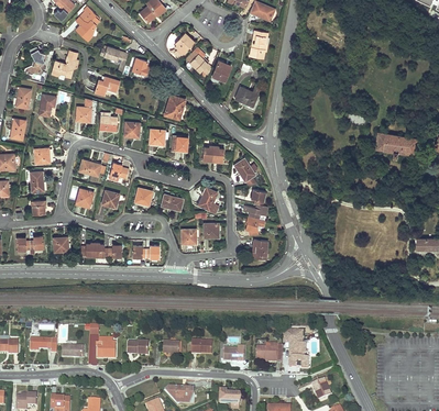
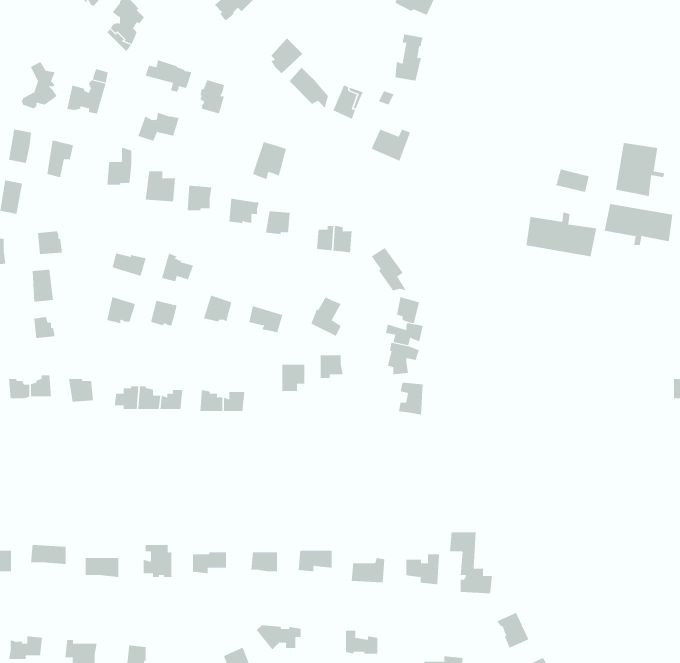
building: none -> [615,142,665,197]
building: none -> [526,211,597,257]

